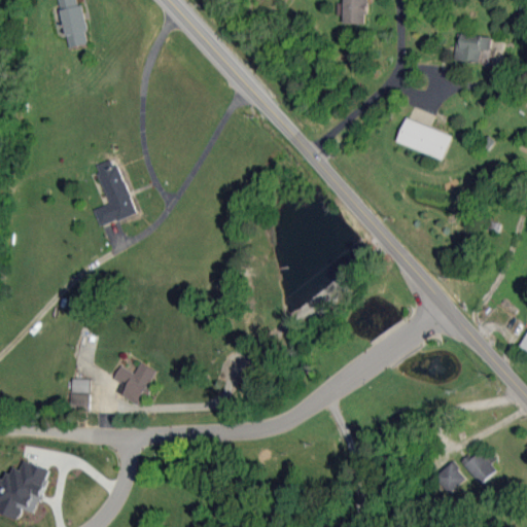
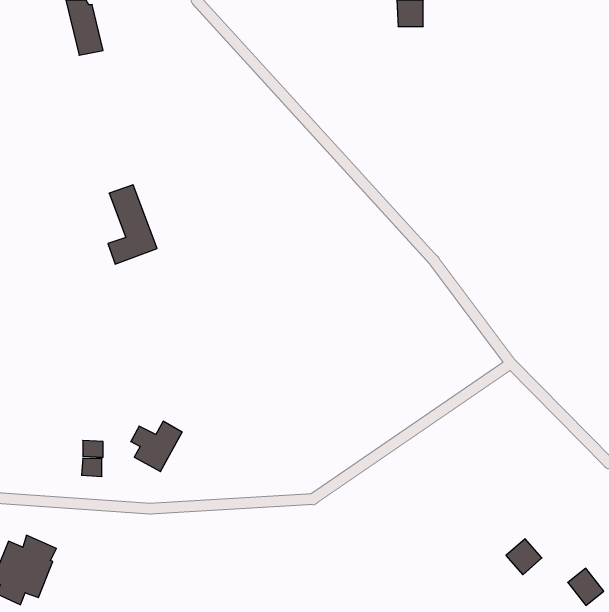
building: [454,34,490,63] -> none
building: [395,118,451,161] -> none
building: [463,452,494,484] -> [568,568,604,605]

